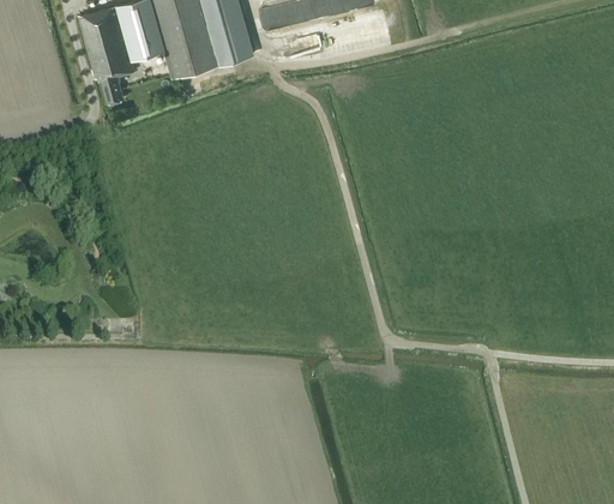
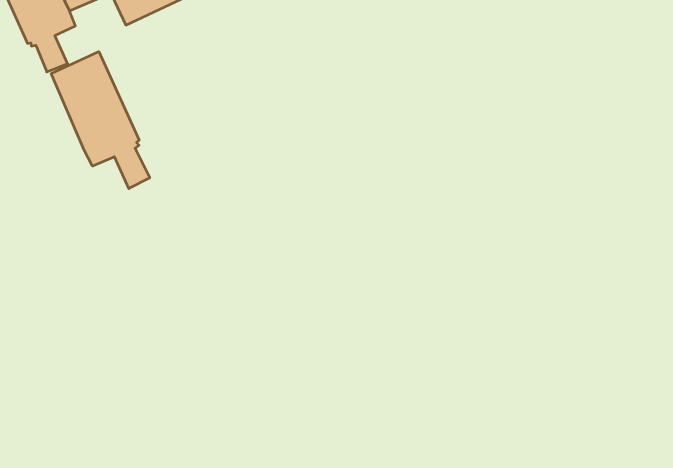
building: none -> [51,52,150,189]

